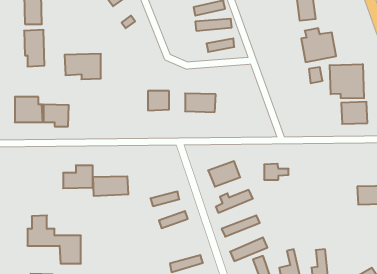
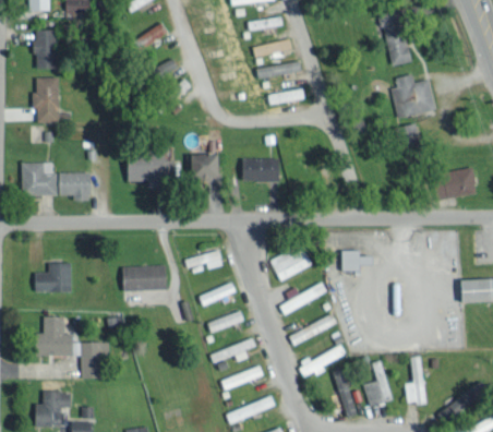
building: [65,54,101,79] -> [127,156,173,189]
building: [330,64,364,98] -> none
building: none -> [183,251,223,269]
building: [63,165,93,188] -> [33,263,71,292]
building: none -> [209,338,256,363]

